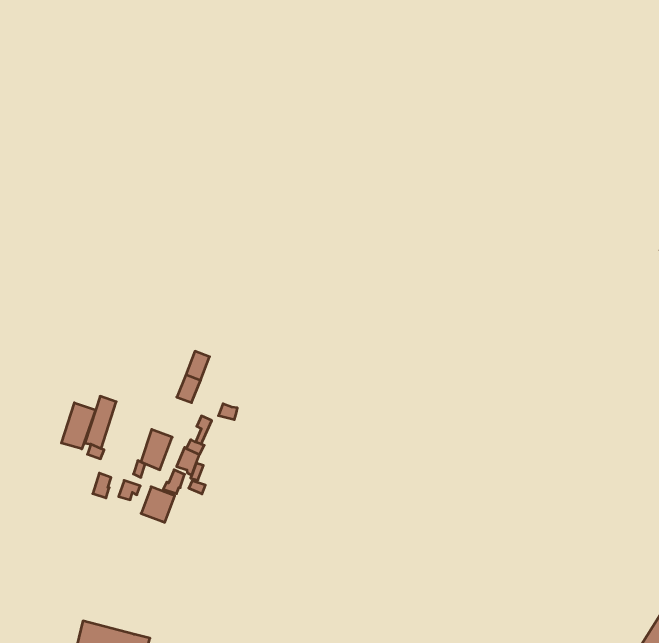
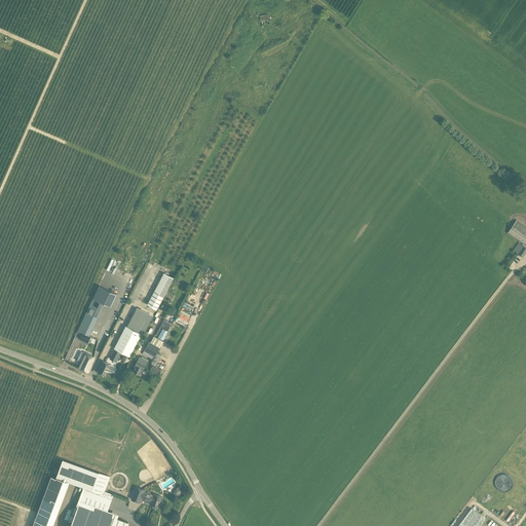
building: [61,403,96,449] -> none
building: [141,487,175,522] -> [125,309,151,336]

